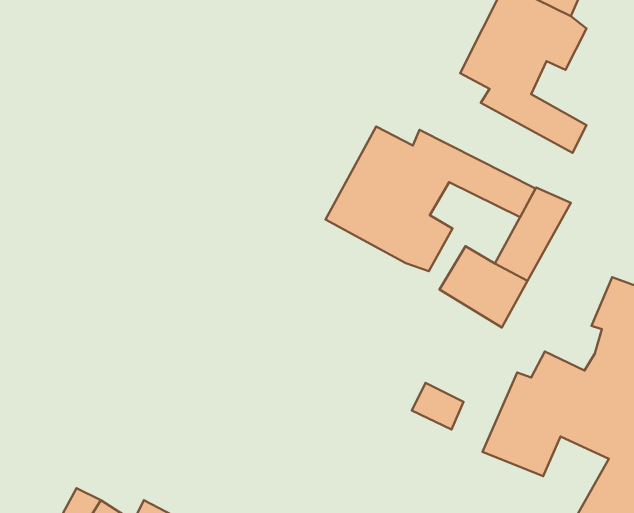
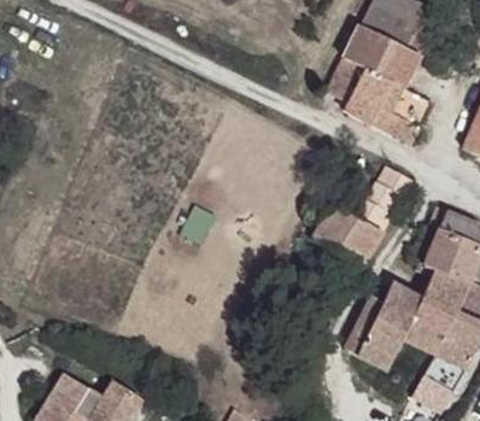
building: [325,126,536,271] -> none

